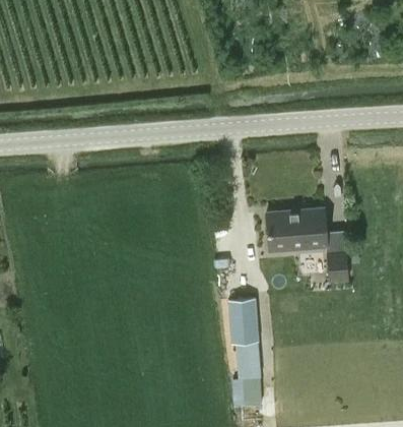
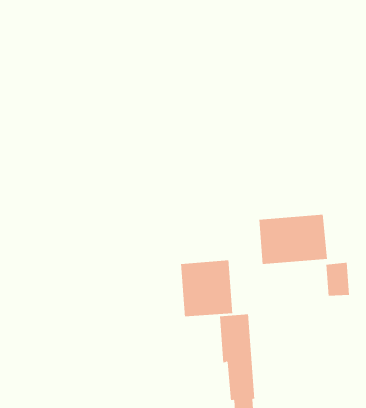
building: none -> [181,260,233,317]

